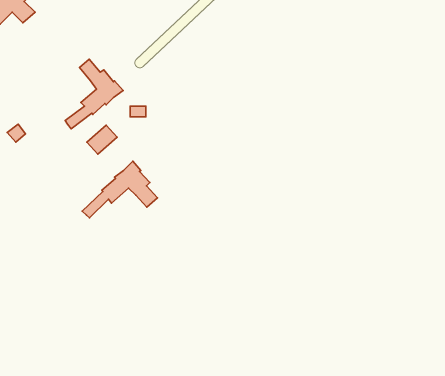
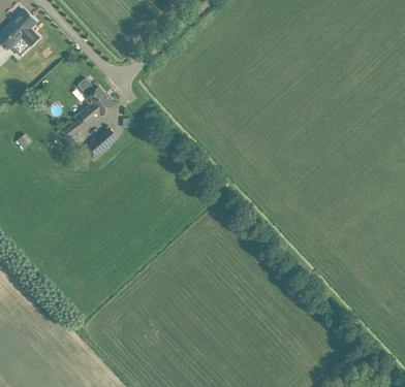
building: [82,161,158,218] -> none

